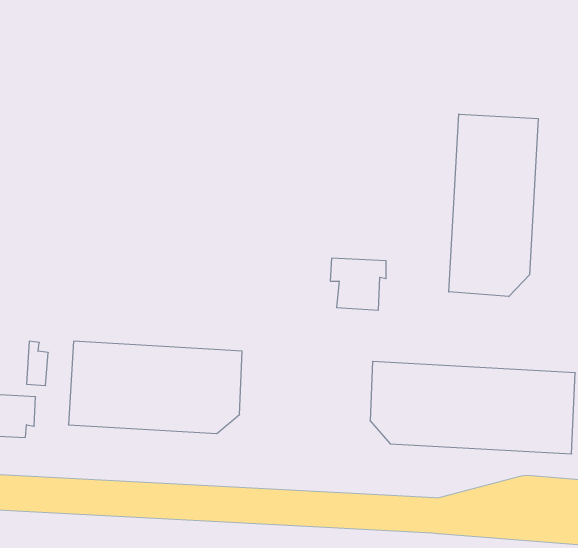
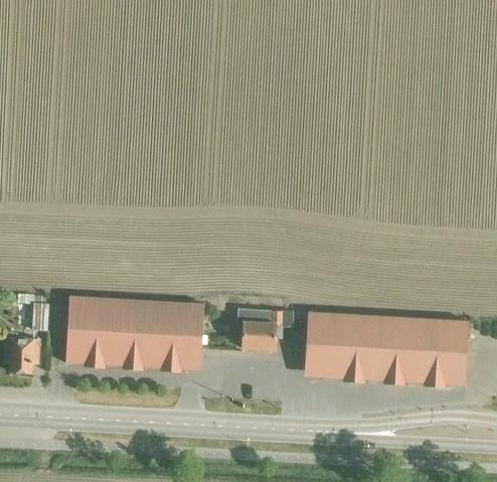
building: [449,114,538,297] -> none
building: [330,258,386,310] -> [235,309,280,350]

